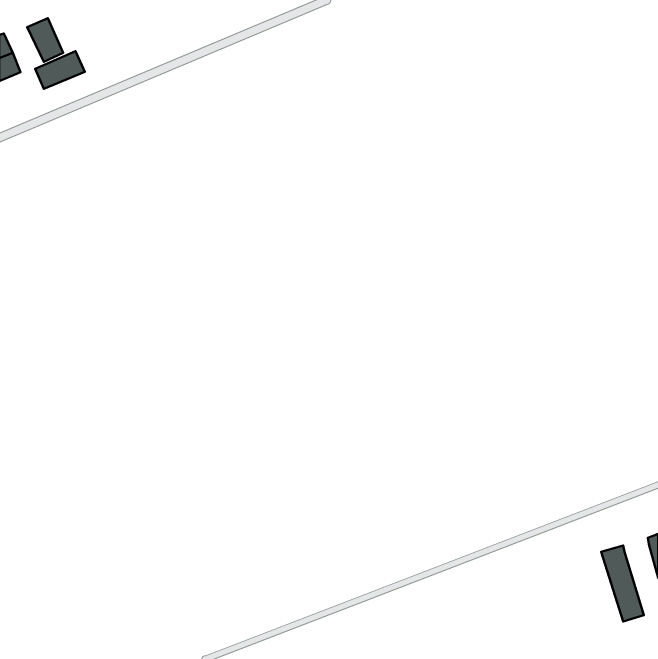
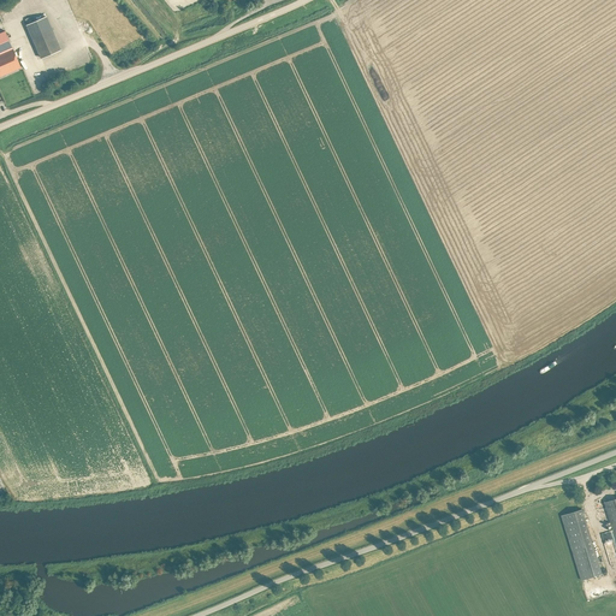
building: [35,51,85,89] -> none

